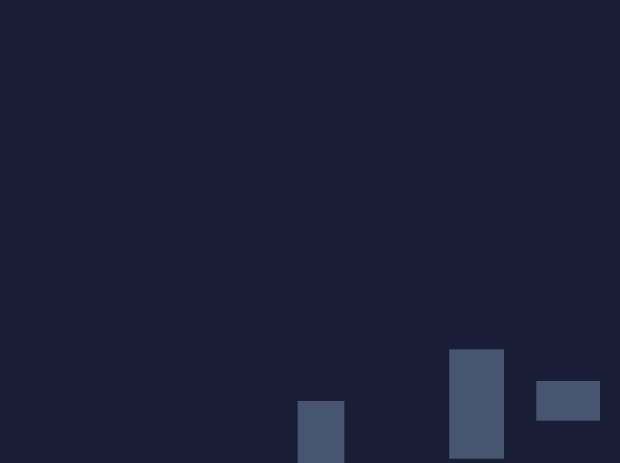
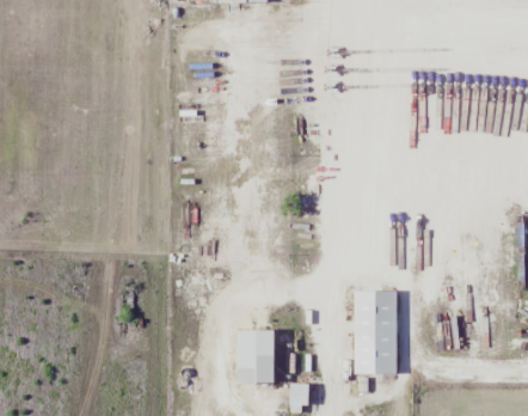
building: [535,380,601,422] -> none

